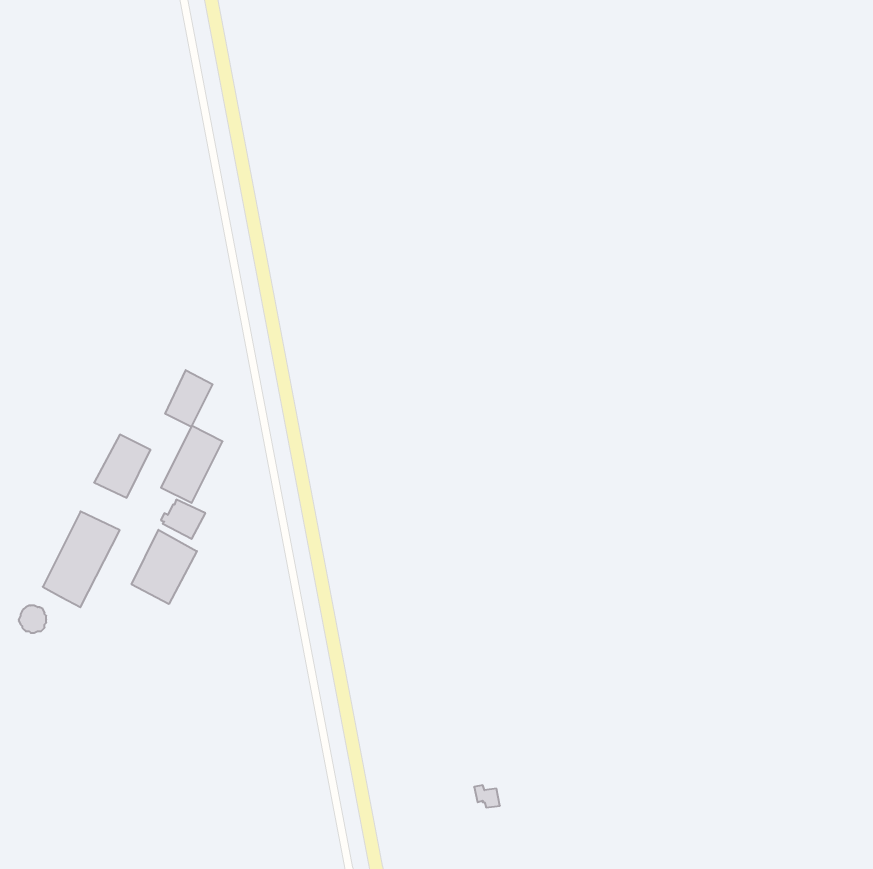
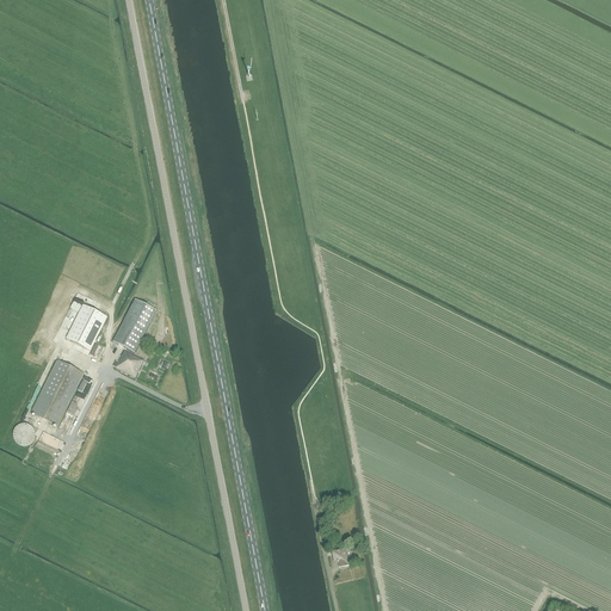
building: [165,370,213,427] -> none
building: [132,530,197,604] -> none

